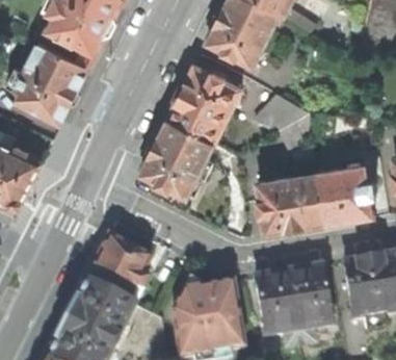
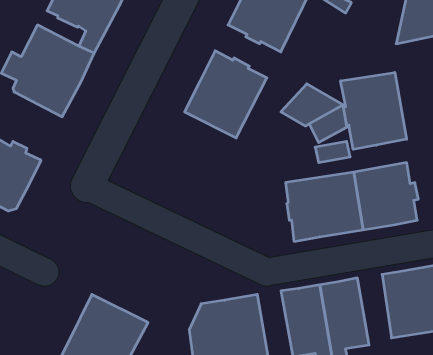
building: none -> [341,72,407,149]
building: [139,120,213,198] -> none
building: [85,236,150,306] -> none

